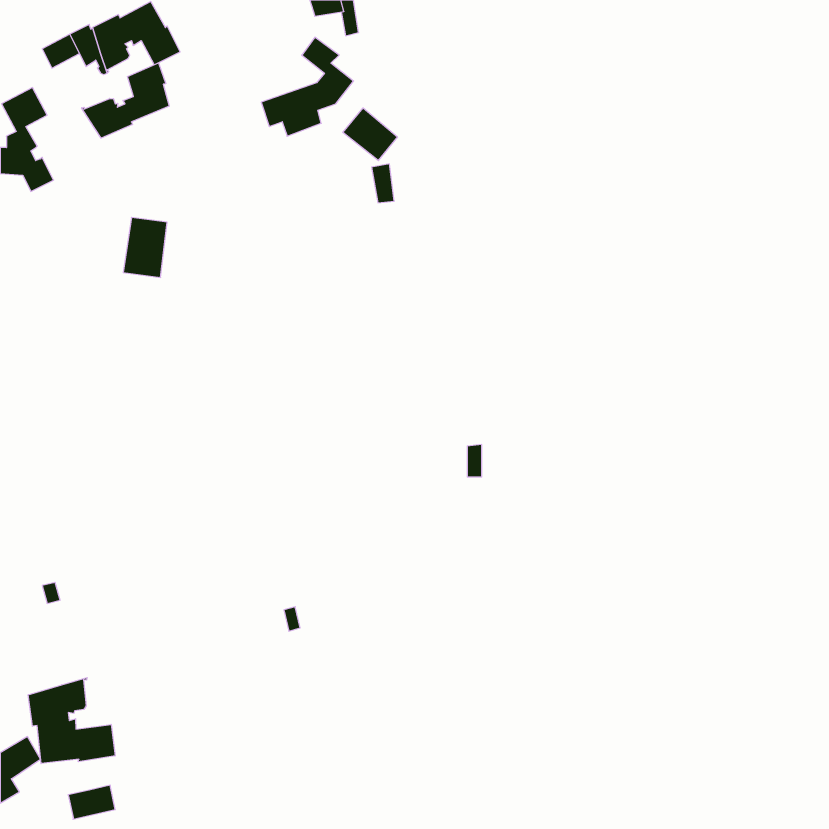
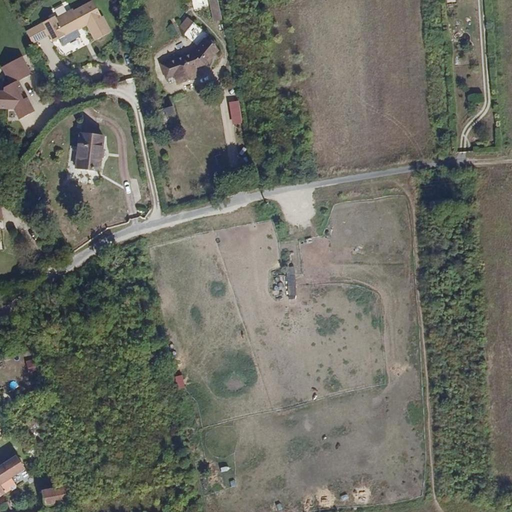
building: [82,63,169,138] -> none
building: [343,108,397,161] -> none
building: [28,678,115,764] -> none

